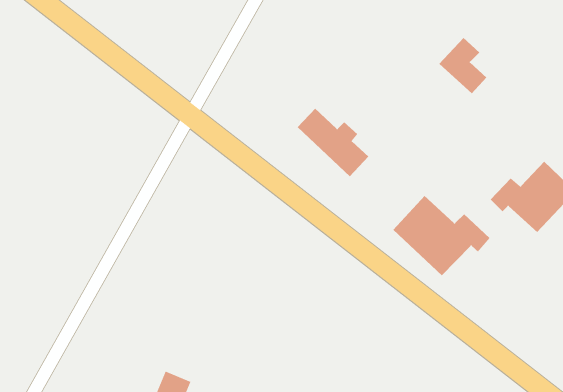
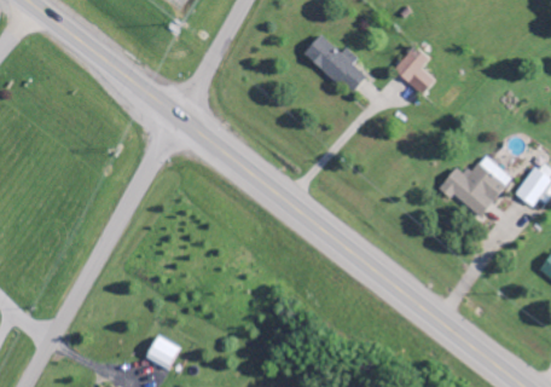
building: [297,108,369,177] -> [304,35,367,96]
building: [392,195,491,276] -> none

